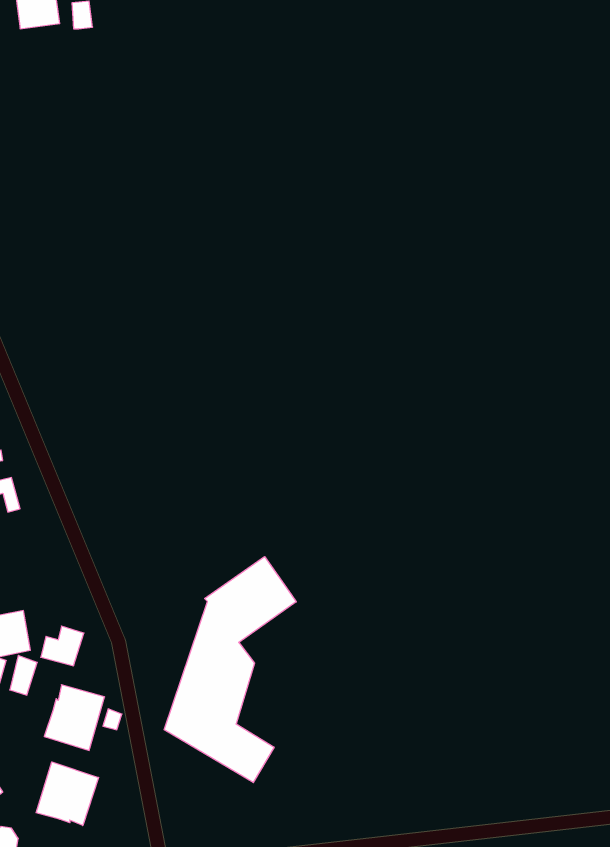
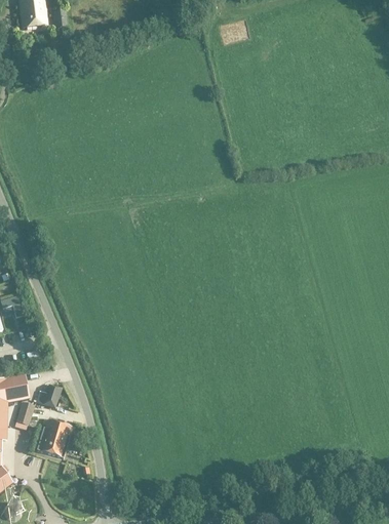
building: [164,557,296,783] -> none
building: [36,762,99,826] -> none

